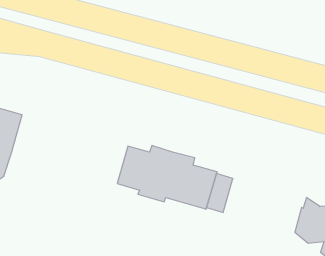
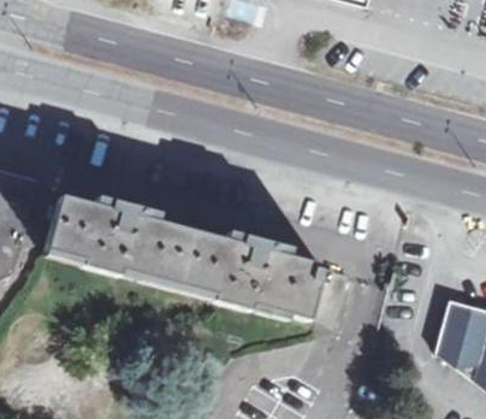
building: none -> [43,191,190,284]

